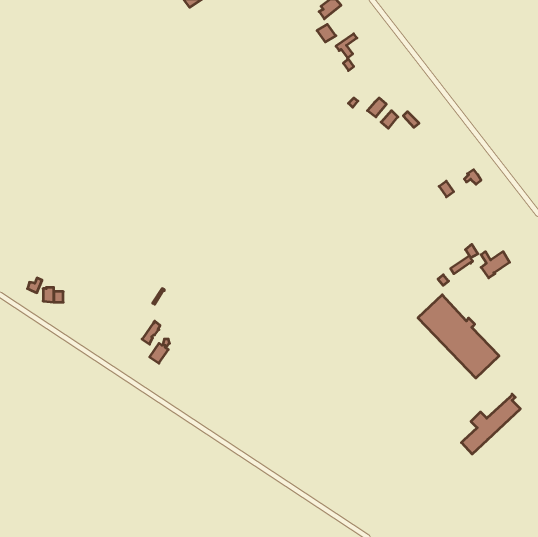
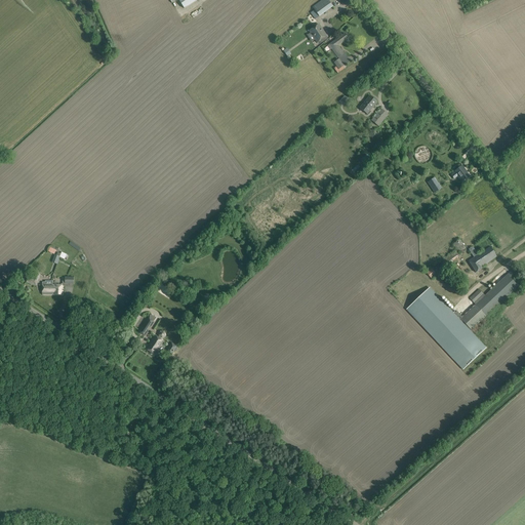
building: [461,394,520,454] -> [460,271,518,329]

